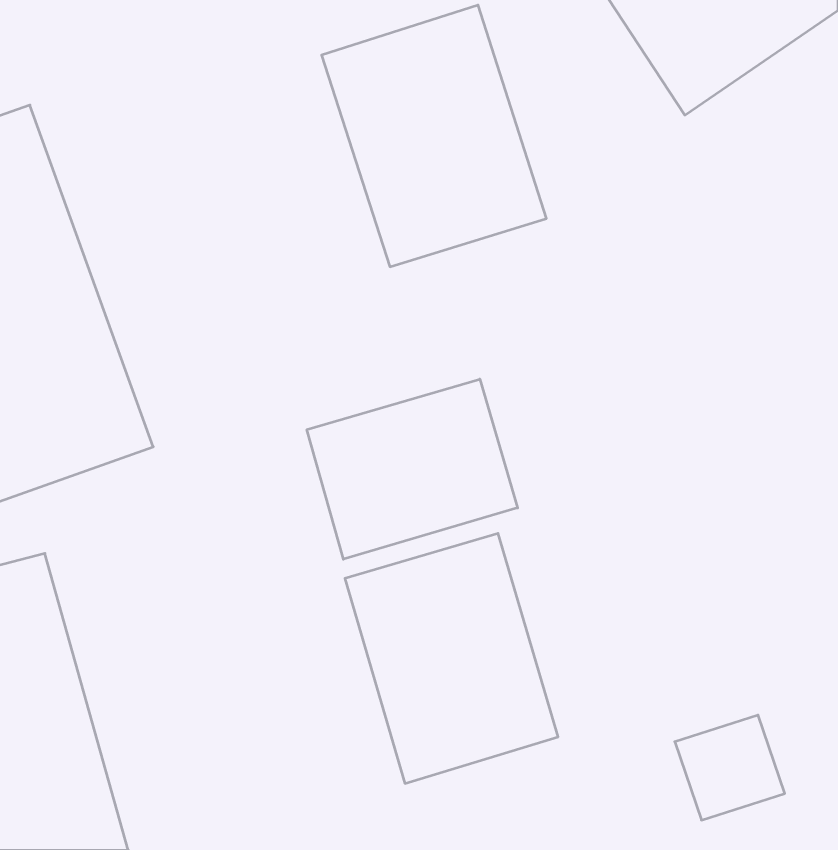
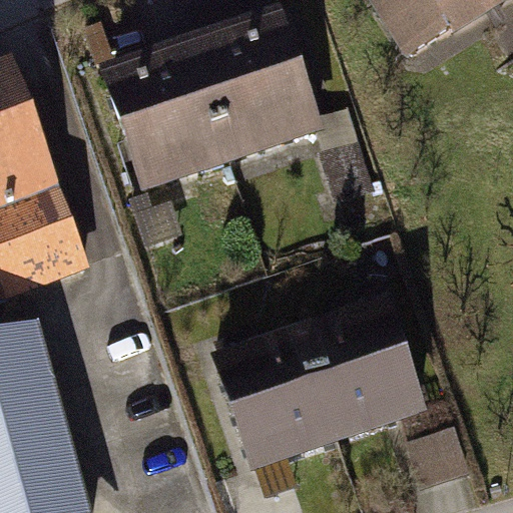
building: none -> [101,33,234,189]
building: [307,379,518,559] -> none
building: none -> [300,293,428,443]

